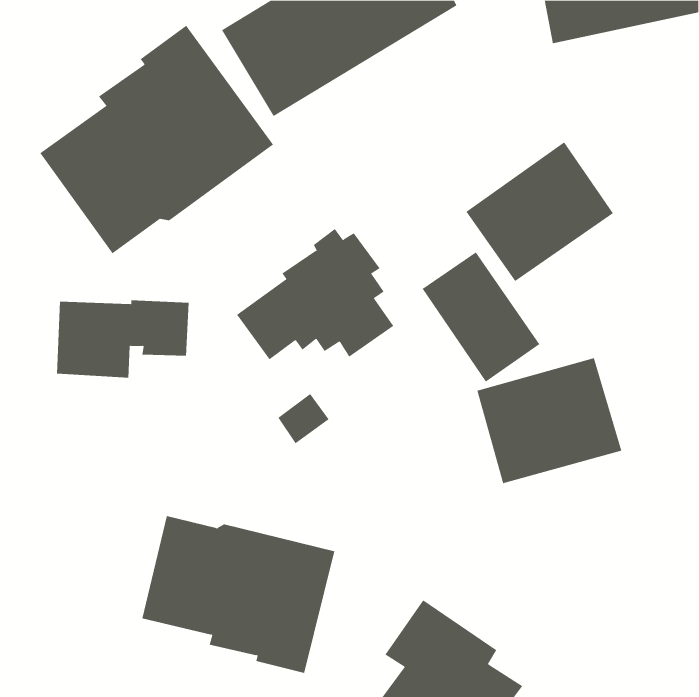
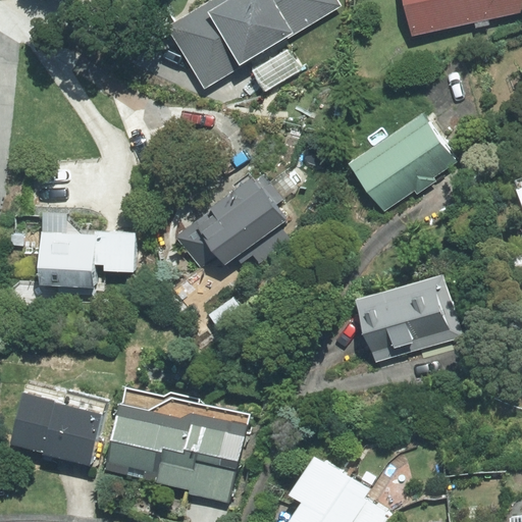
building: [40,25,274,254] -> none
building: [422,252,540,383] -> none
building: none -> [11,388,106,464]

